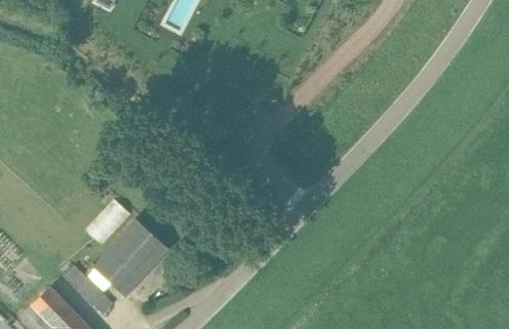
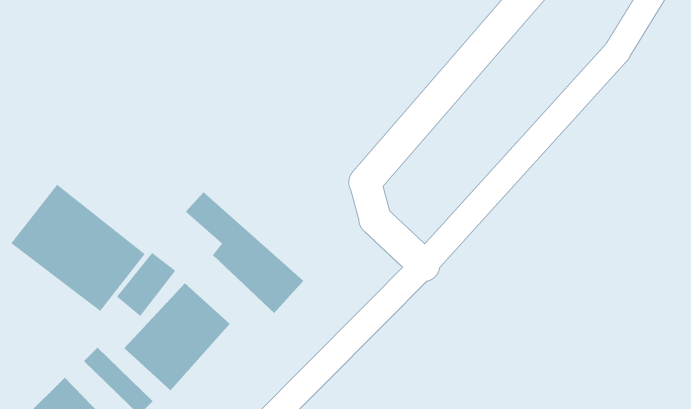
building: none -> [10,184,145,312]
building: none -> [185,191,304,314]

